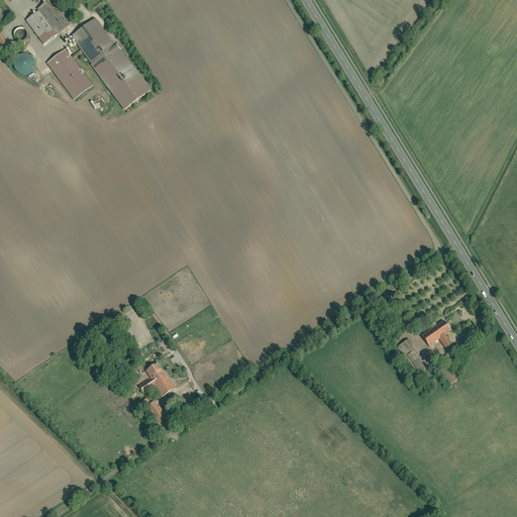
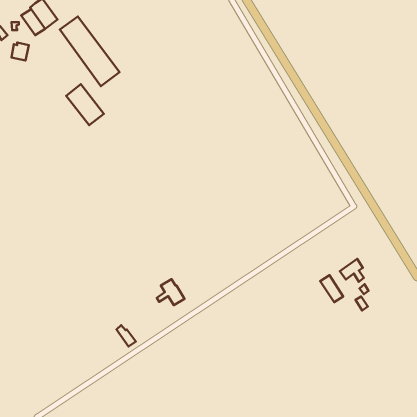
building: [45,47,92,98] -> [66,84,104,125]
building: [137,363,172,395] -> [157,279,185,305]

